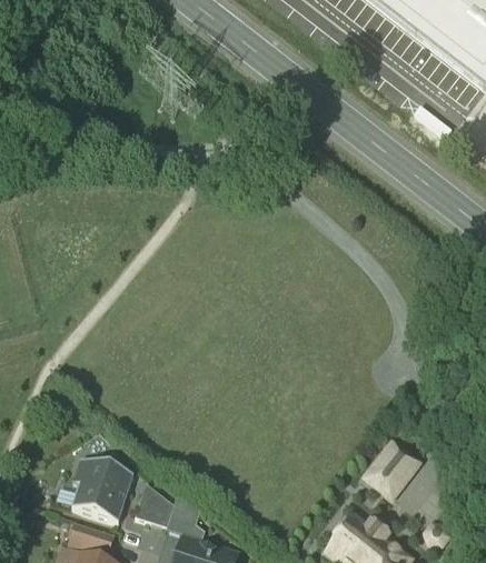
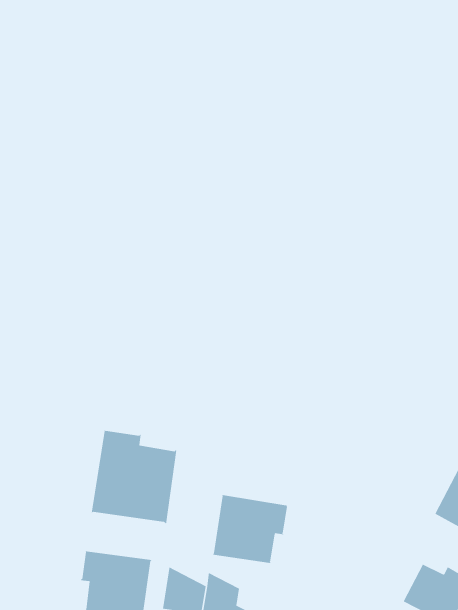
building: none -> [91,429,177,524]
building: none -> [212,494,288,564]

